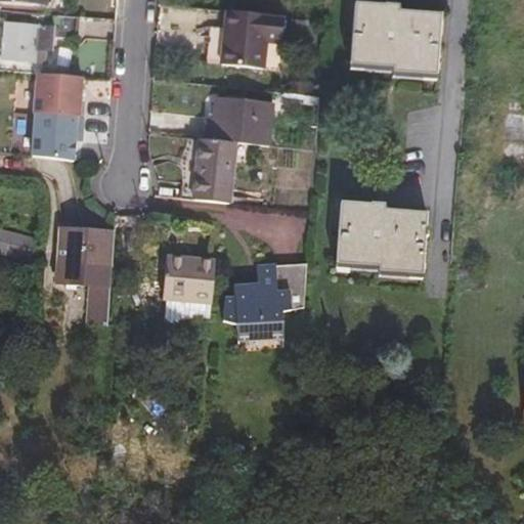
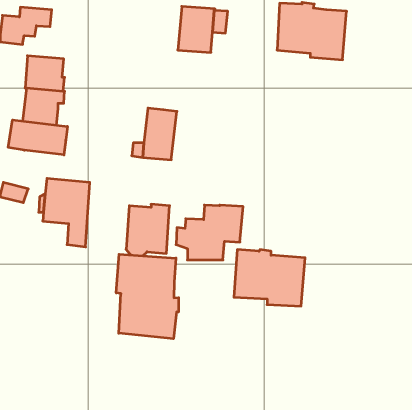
building: [208,98,271,145] -> none
building: none -> [8,120,67,155]
building: [336,204,426,275] -> [234,250,305,306]
building: none -> [116,254,179,339]

